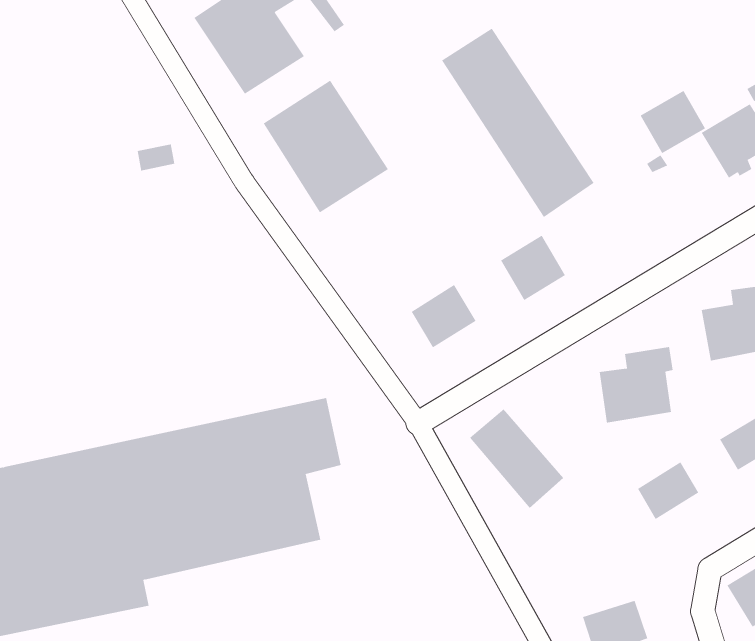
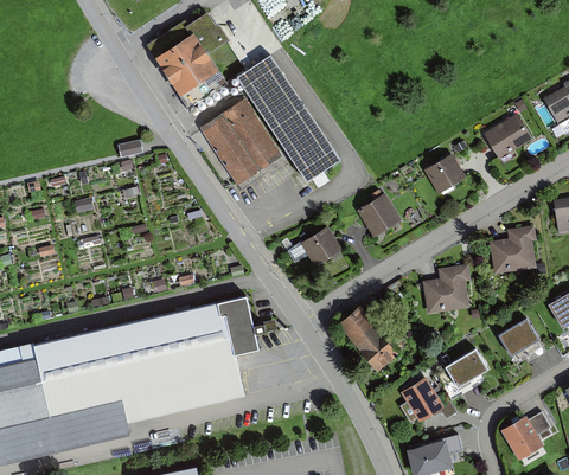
building: [441,28,595,218] -> [238,54,338,178]
building: [640,90,706,154] -> [421,156,463,198]
building: none -> [399,372,440,415]

